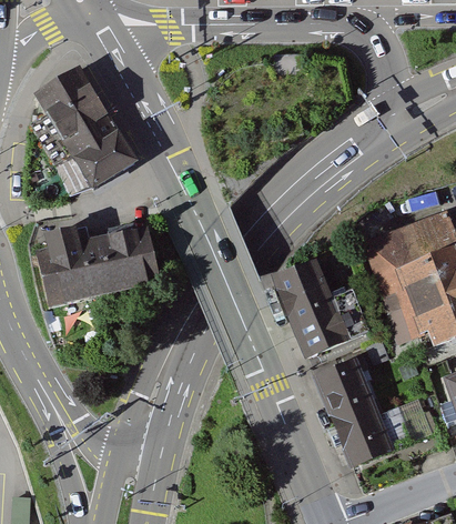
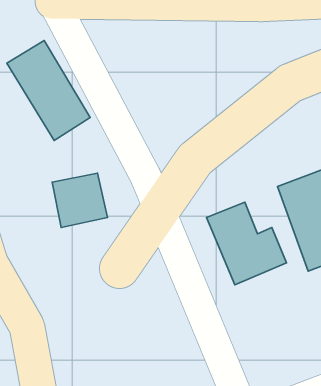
building: [33,235,98,301] -> none
building: [315,357,397,468] -> none

